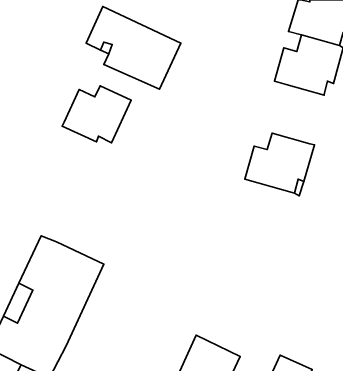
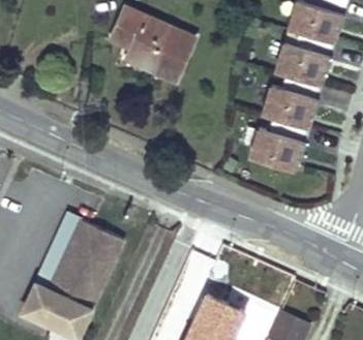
building: none -> [261,78,322,129]
building: [62,86,131,143] -> none

